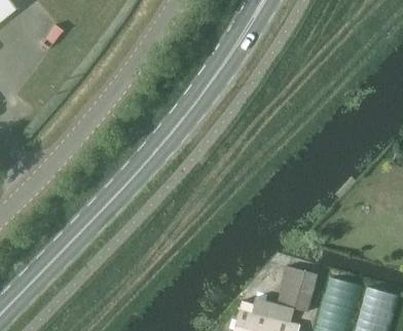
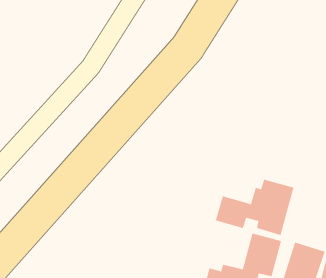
building: none -> [215,179,294,236]

